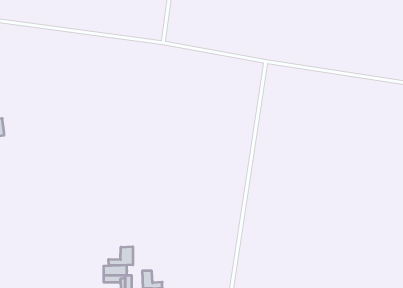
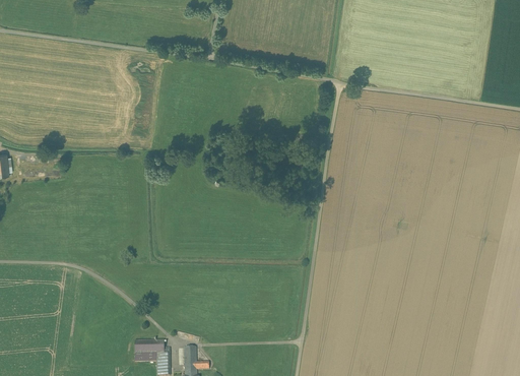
building: [109,247,133,265] -> none

